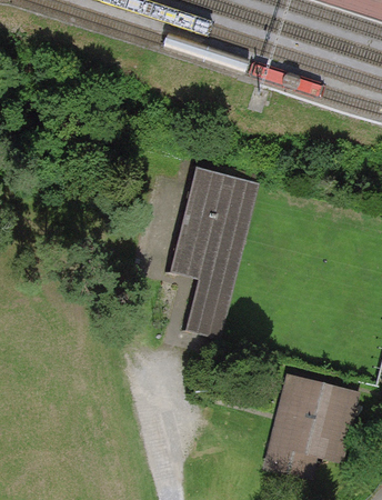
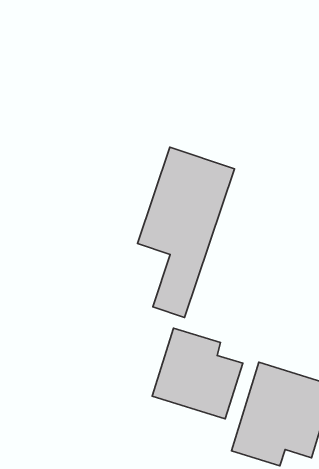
building: none -> [152,328,243,419]

